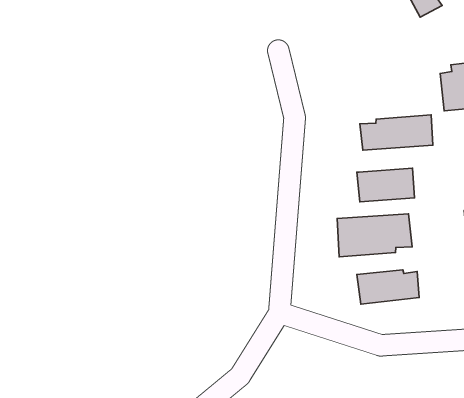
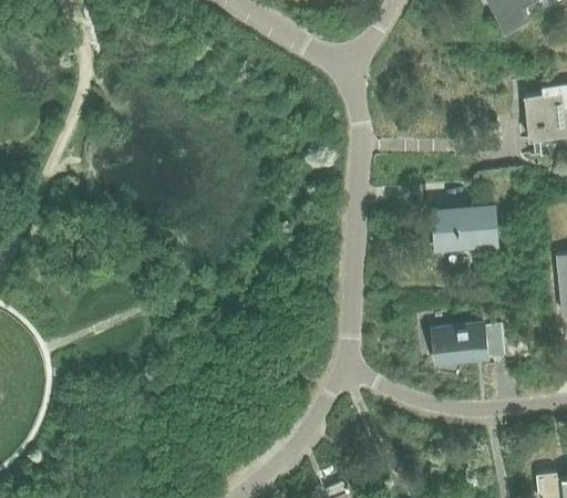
building: [360,115,433,150] -> none
building: [337,214,412,257] -> none

